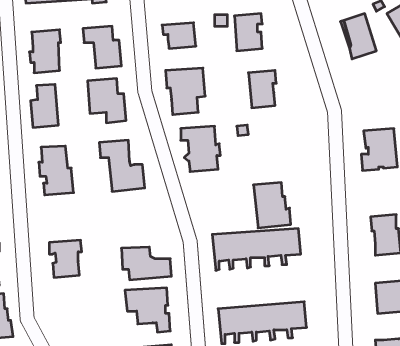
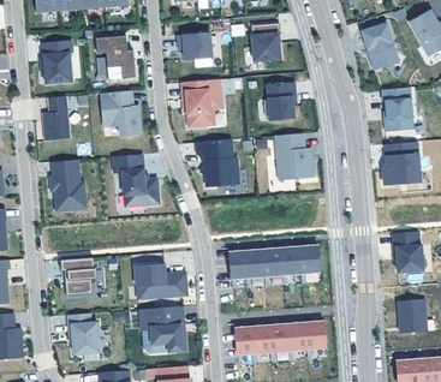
building: none -> [382,86,413,131]
building: [253,183,291,228] -> [275,133,314,180]
building: none -> [68,314,100,353]

